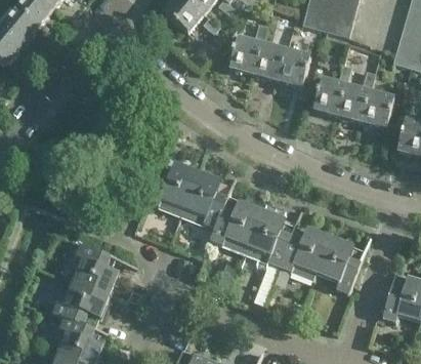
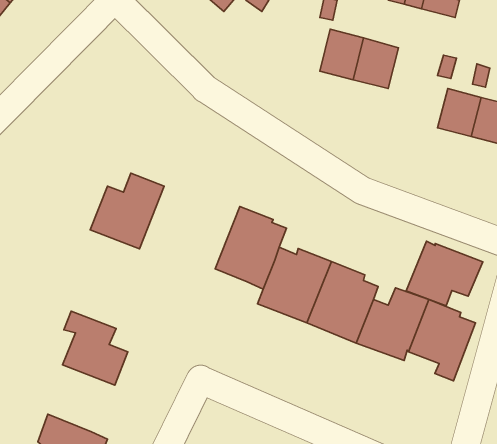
building: [230,38,262,74] -> none
building: [313,80,345,114] -> none
building: [146,160,199,213] -> [90,173,164,249]
building: none -> [406,241,483,306]
building: [45,281,111,328] -> none

